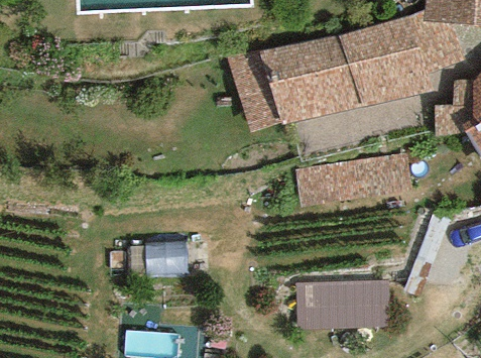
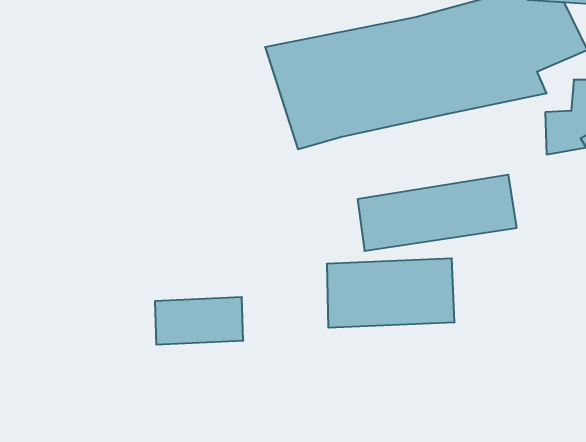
building: [296,278,391,330] -> [327,258,455,328]

